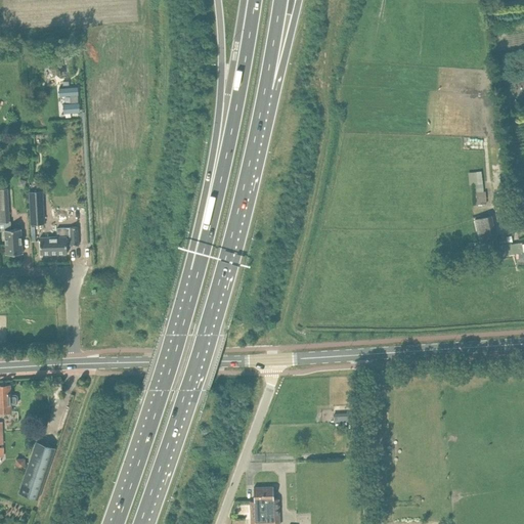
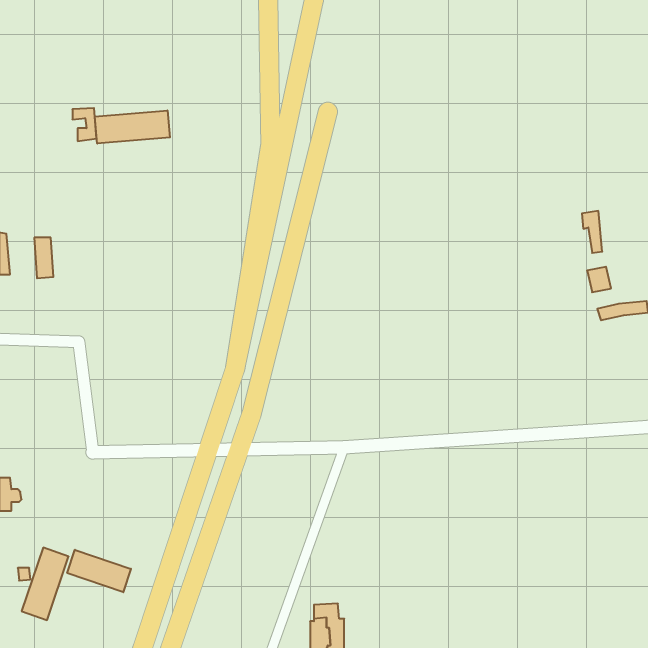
building: none -> [95,110,170,144]
building: [39,227,78,255] -> none
building: [4,229,21,255] -> none
building: none -> [67,550,131,592]

